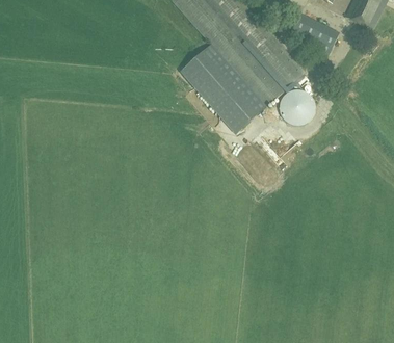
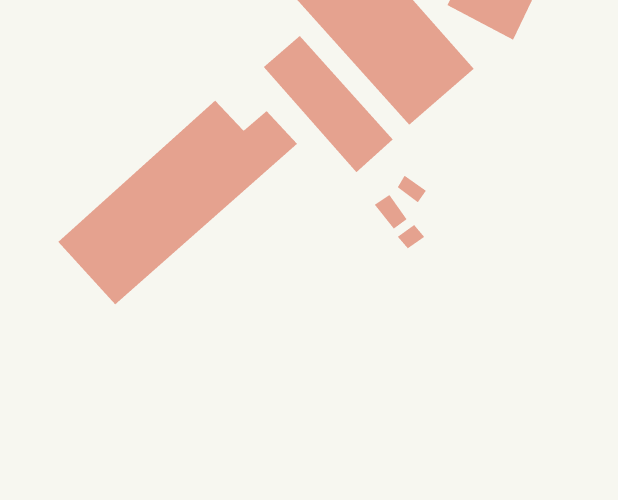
building: [281,89,316,125] -> none
building: none -> [57,100,298,305]

